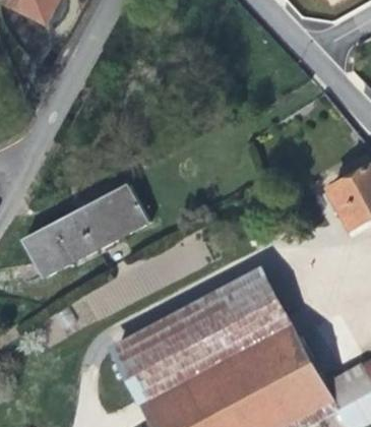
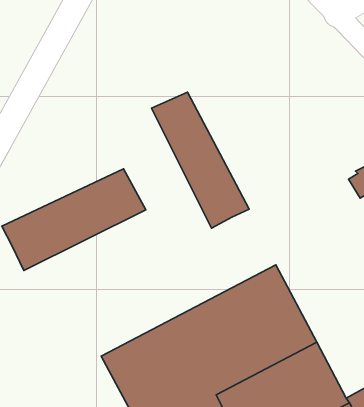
building: none -> [152,92,249,228]

